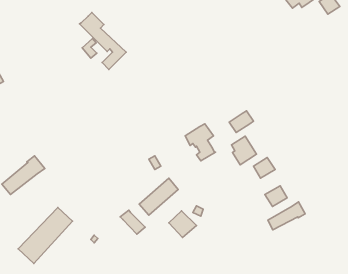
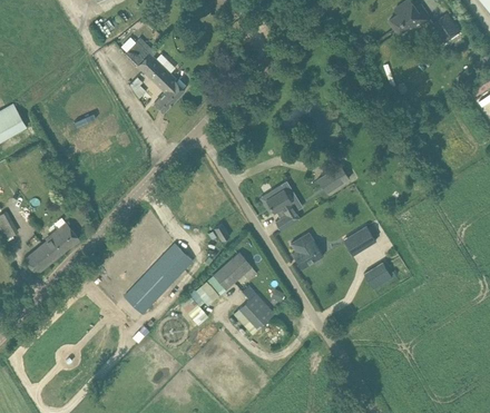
building: [231,136,257,165] -> [291,232,323,268]
building: [268,202,305,230] -> none
building: [18,207,73,263] -> [122,242,193,314]

